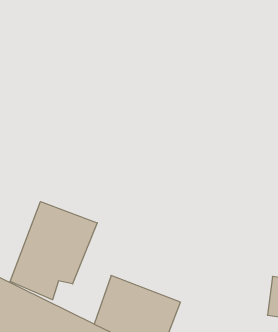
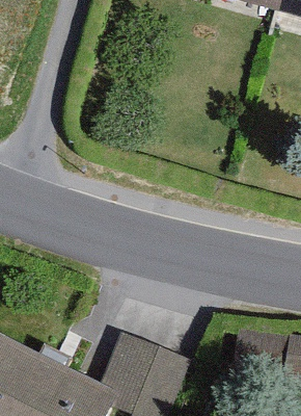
building: [10,202,97,300] -> none

